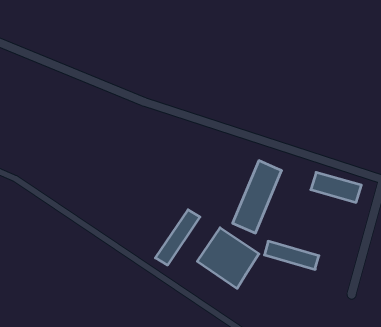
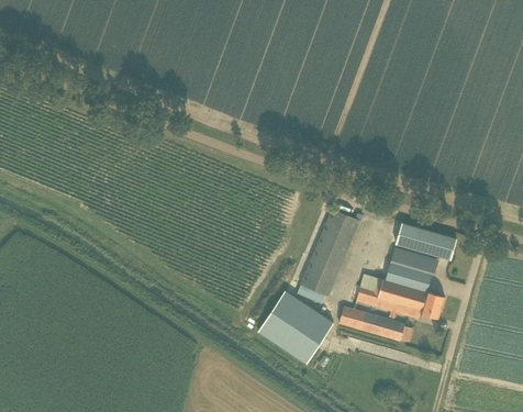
building: none -> [355,248,444,319]
building: [155,210,200,265] -> none

